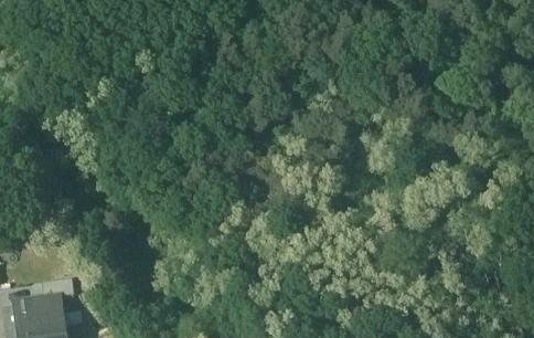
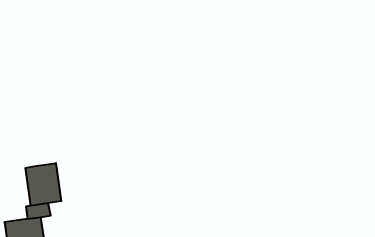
building: none -> [26,163,61,206]

